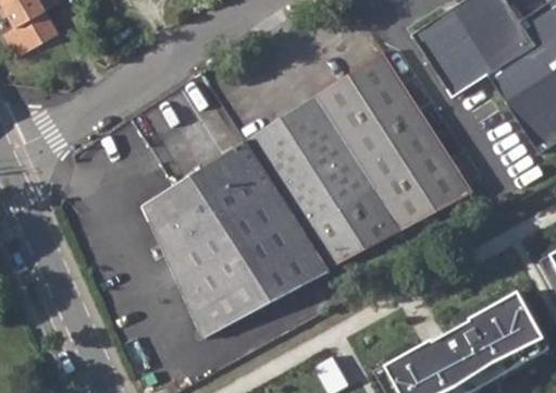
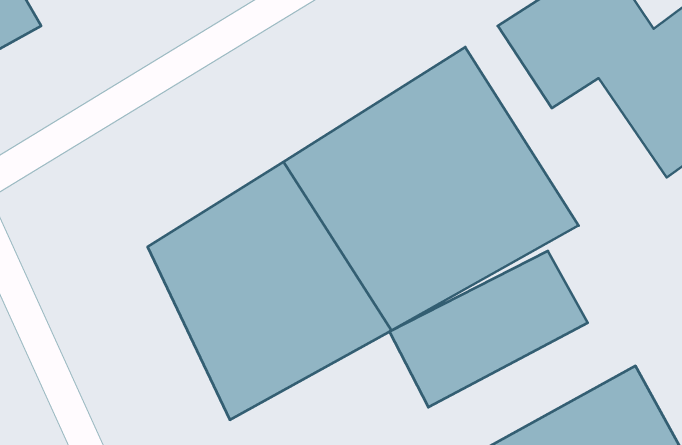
building: none -> [390,251,588,407]

